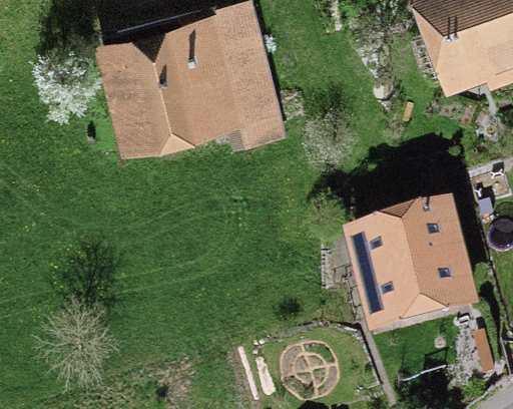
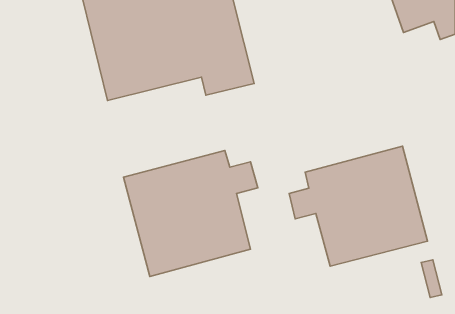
building: none -> [124,151,258,276]

